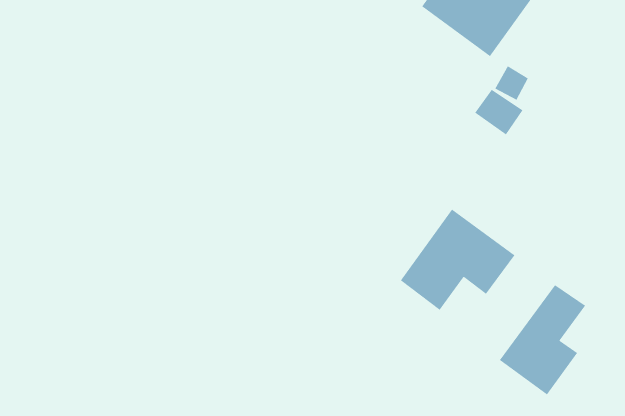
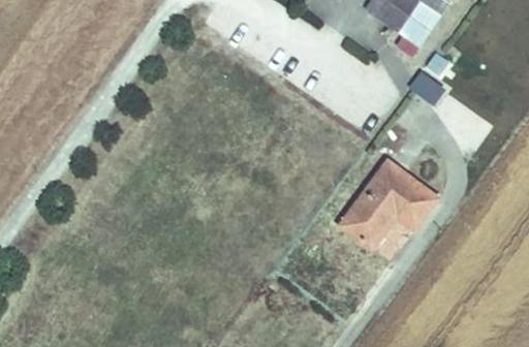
building: [499,284,586,395] -> none

